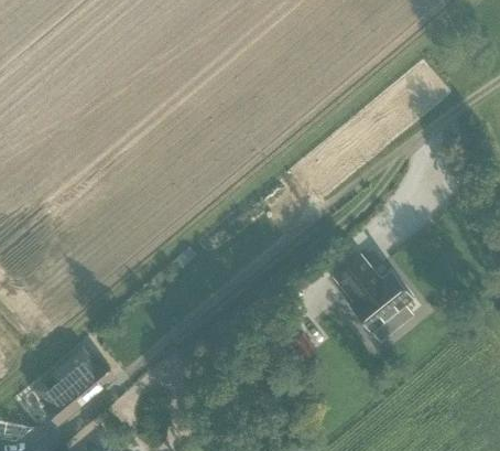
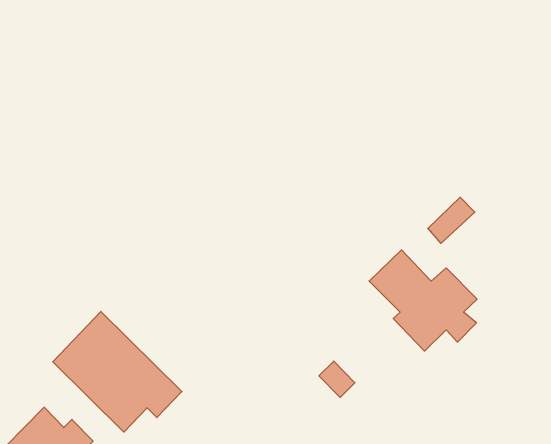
building: none -> [53,311,182,432]

